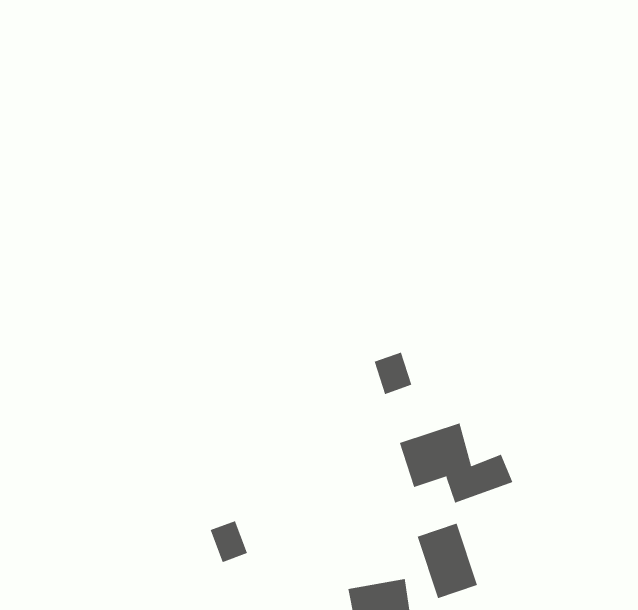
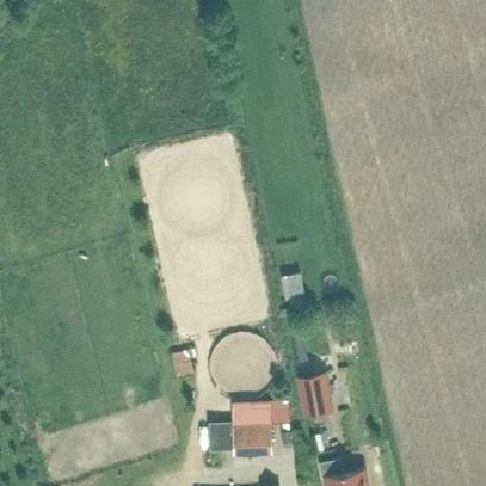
building: [399,422,513,504] -> none

